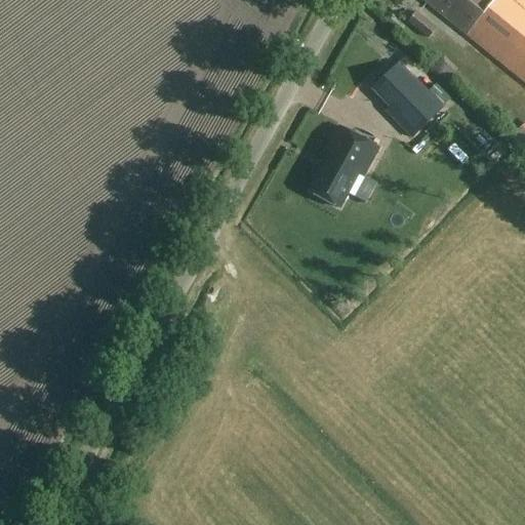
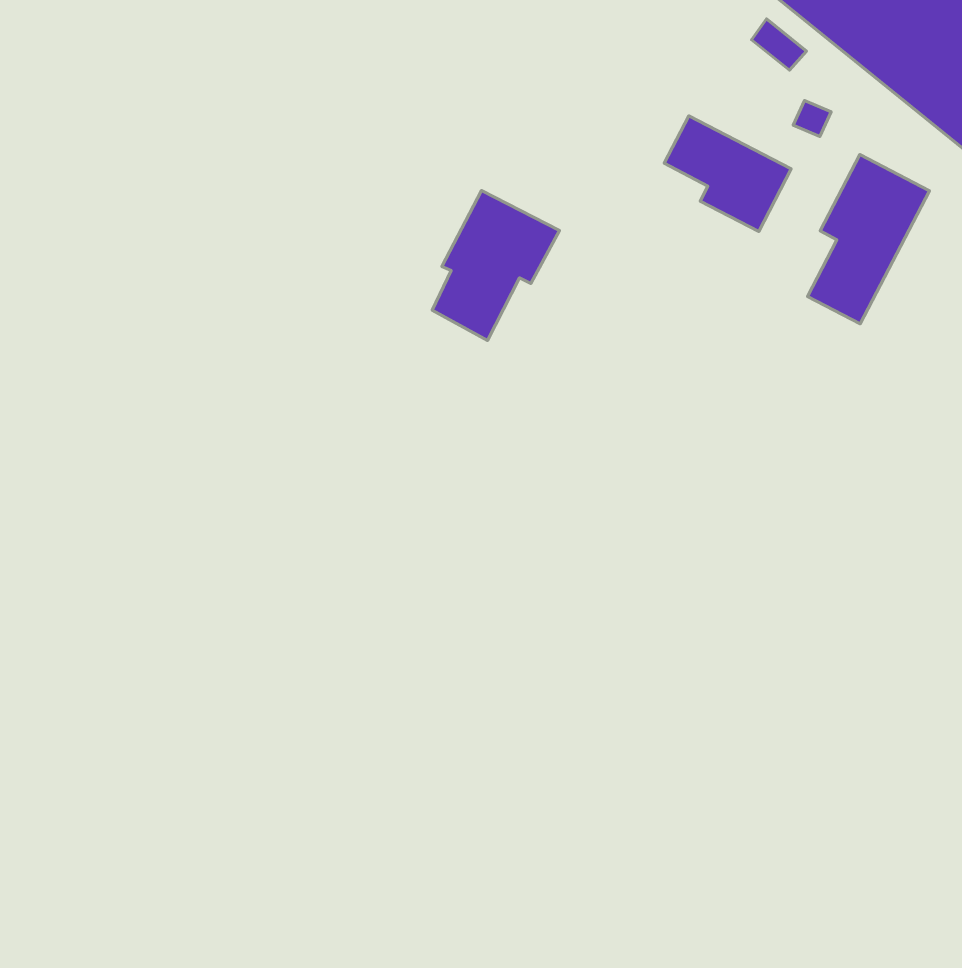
building: none -> [807,154,929,324]
building: [316,125,385,206] -> [432,191,559,341]

